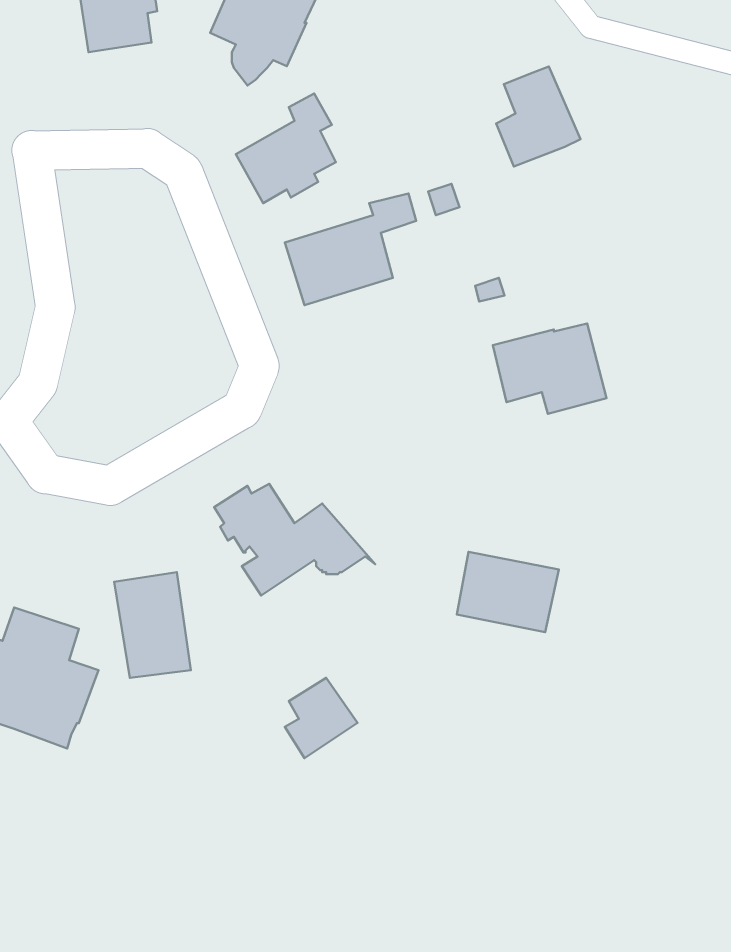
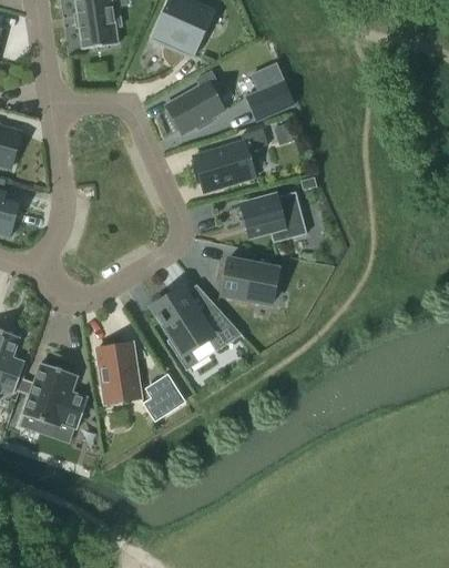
building: [496,67,580,167] -> [247,63,295,120]
building: [493,324,607,414] -> [242,191,306,242]
building: [457,552,559,632] -> [221,257,278,303]
building: [285,678,358,758] -> [144,374,185,419]

